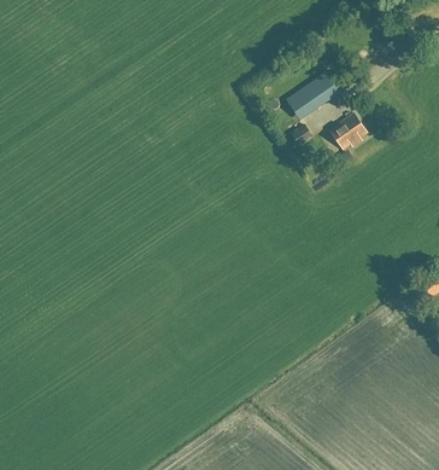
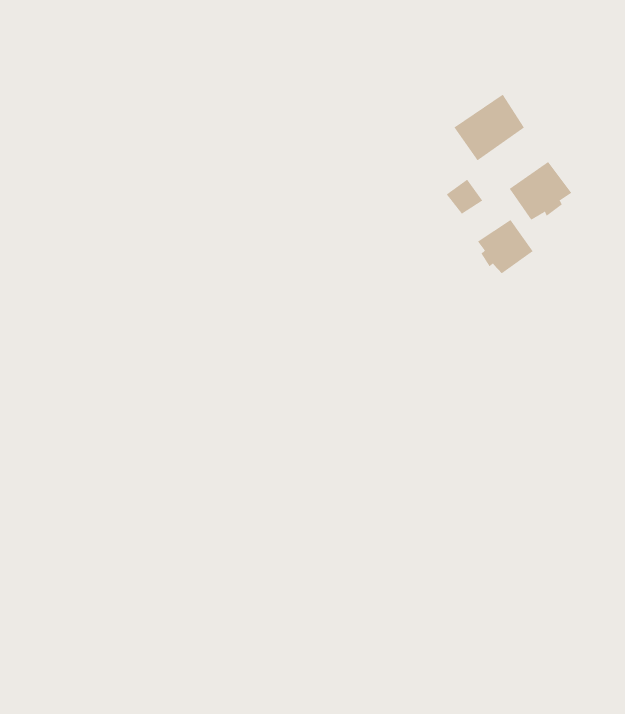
building: none -> [477,219,533,274]

